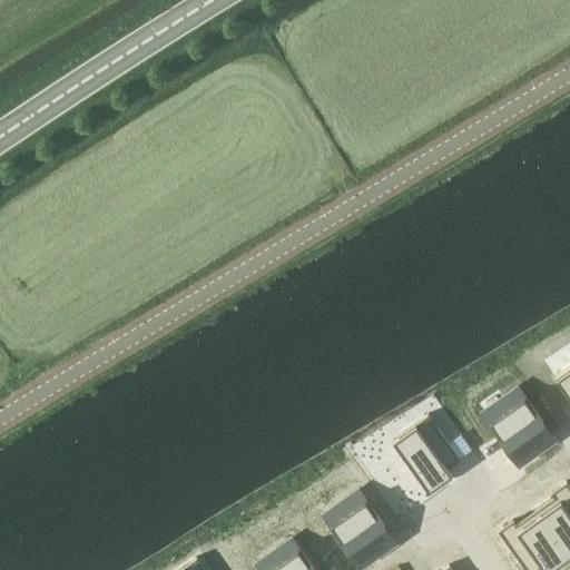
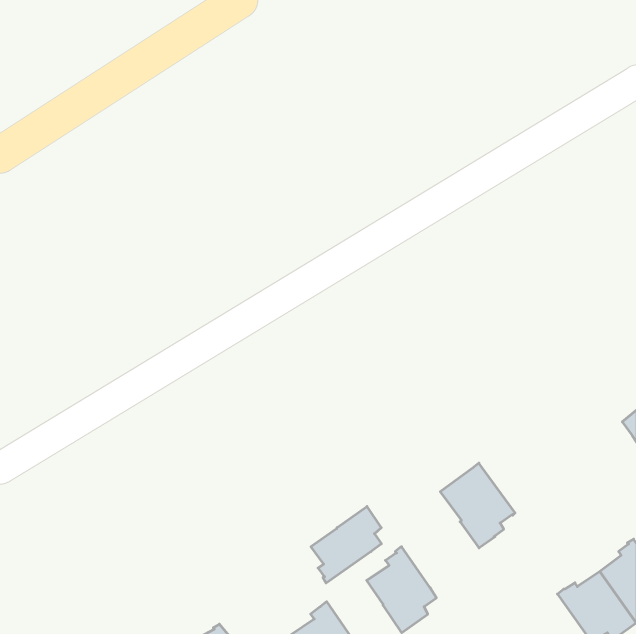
building: [487,389,550,465] -> none
building: none -> [311,506,381,583]

